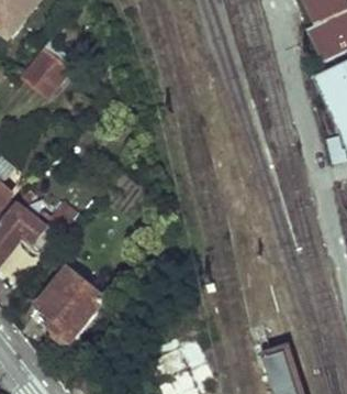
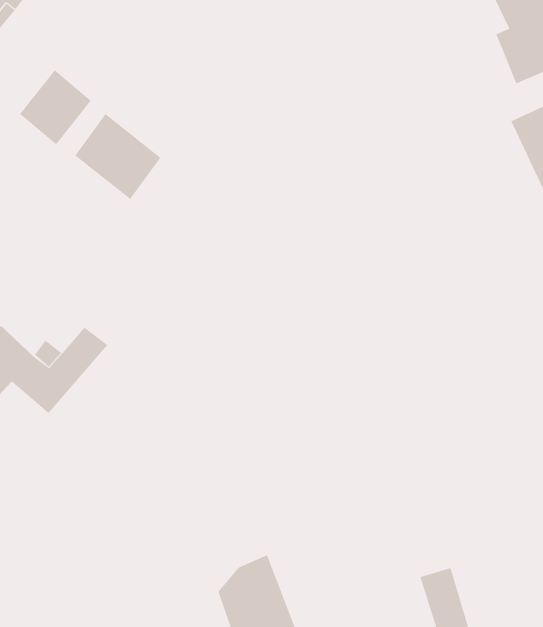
building: none -> [74,113,161,200]
building: [35,269,99,341] -> none

